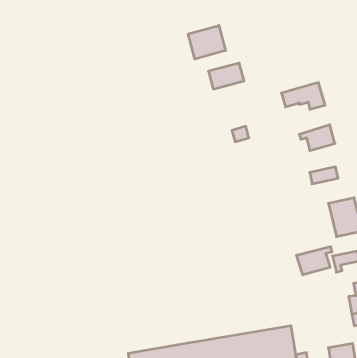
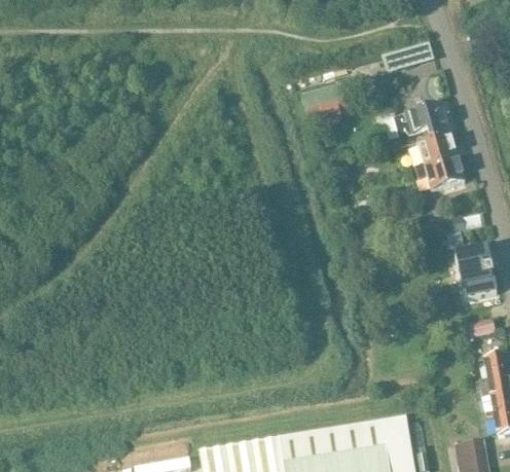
building: [188,25,226,59] -> none
building: none -> [401,131,458,172]
building: [297,247,332,275] -> none

